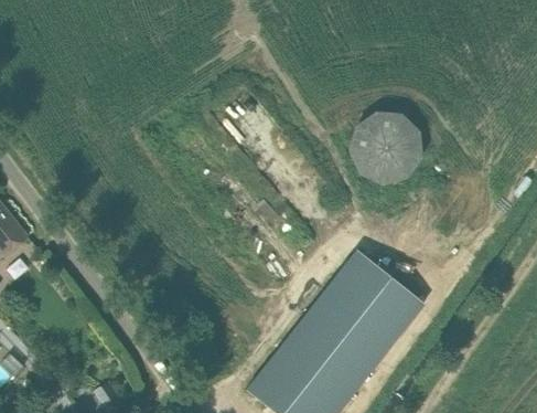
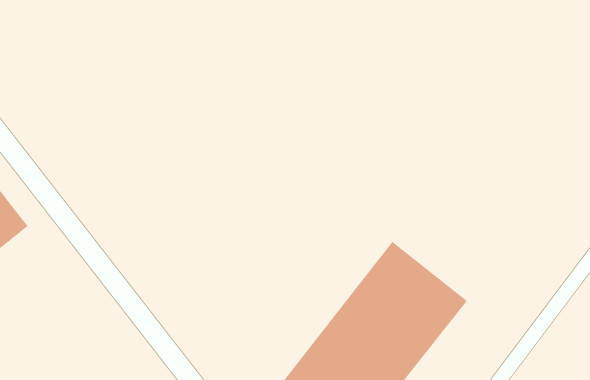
building: [348,110,422,184] -> none

